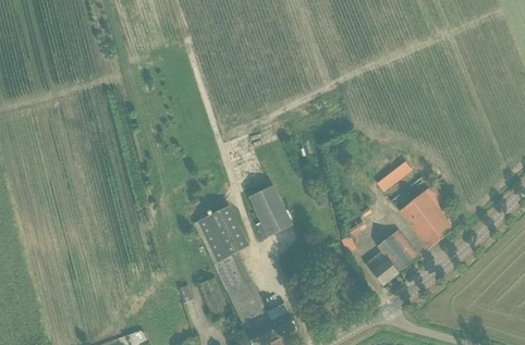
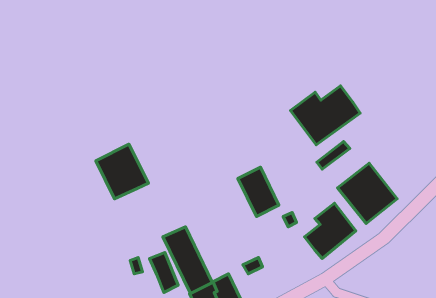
building: none -> [291,86,360,145]
building: [248,185,292,237] -> [238,167,279,217]
building: [194,206,249,263] -> [96,144,148,199]

